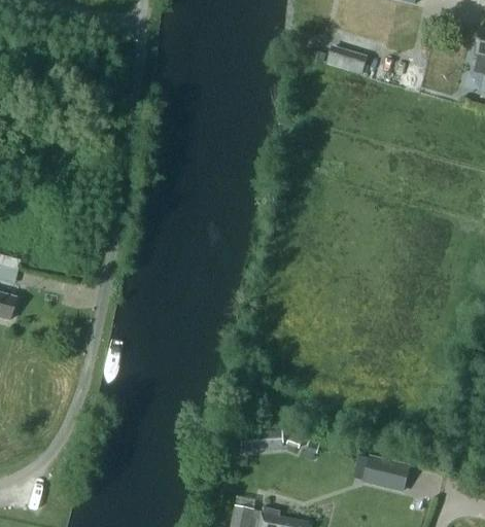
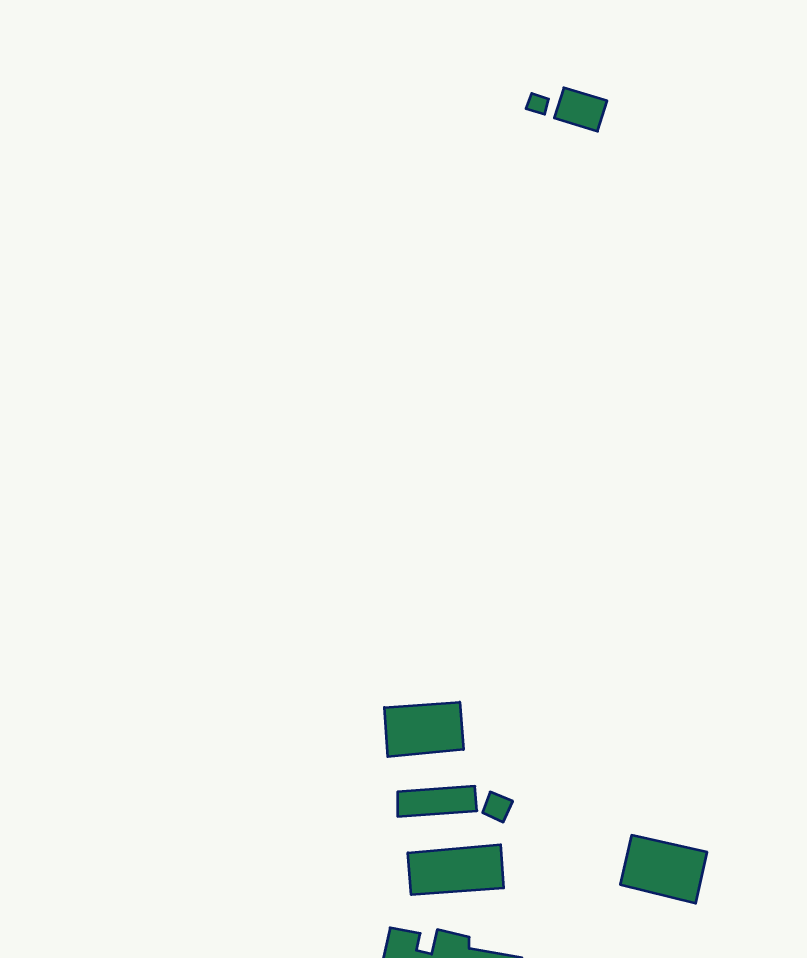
building: none -> [384,702,463,757]
building: none -> [408,845,504,895]

